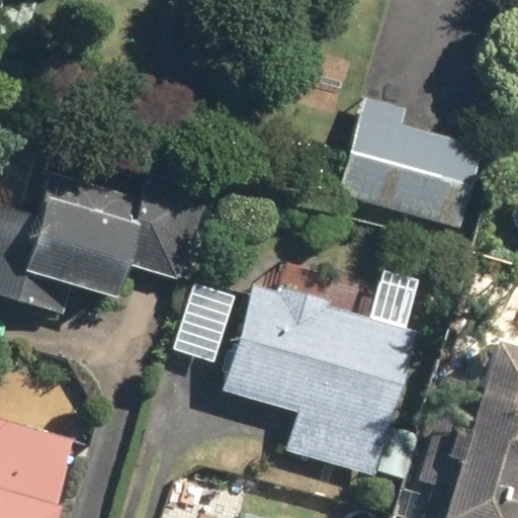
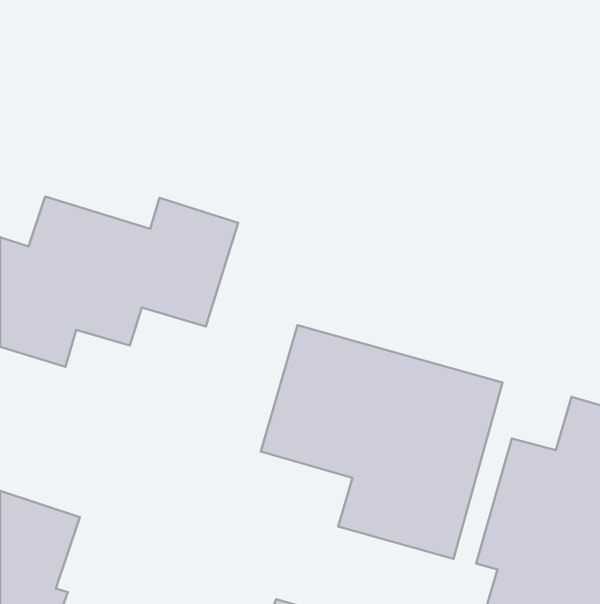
building: [327,98,477,229] -> none

